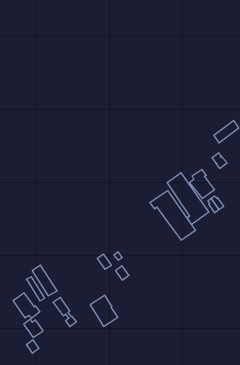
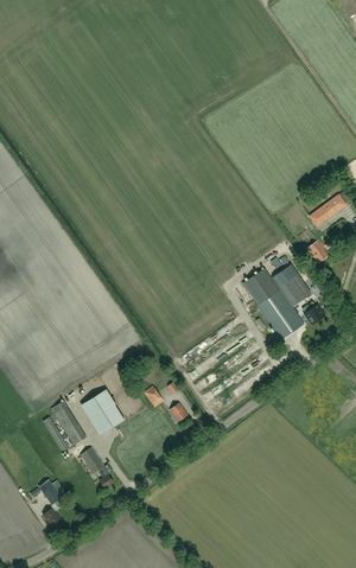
building: [150,191,195,240] -> none
building: [13,293,40,318] -> none
building: [90,296,118,326] -> [84,389,123,433]

